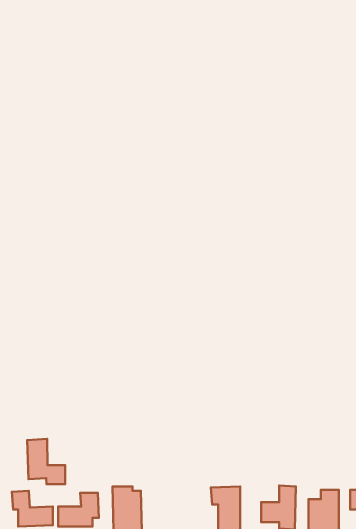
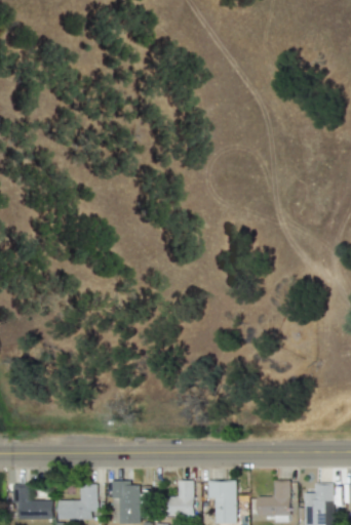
building: [27,439,65,484] -> none
building: none -> [167,481,194,517]

